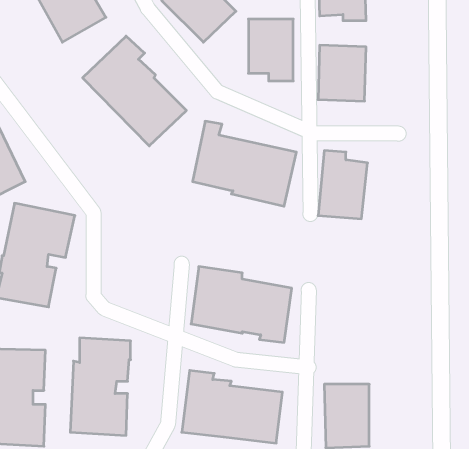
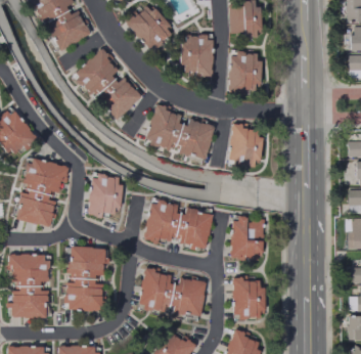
building: none -> [88,175,122,217]
building: none -> [230,218,263,260]

